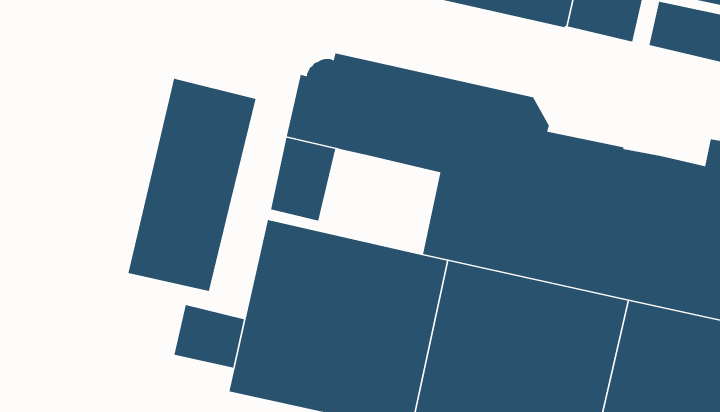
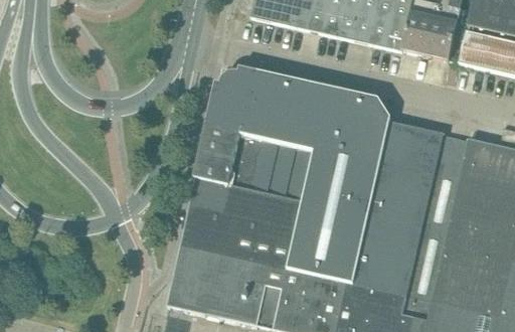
building: [127,78,256,292] -> none
building: none -> [192,134,313,208]
building: [173,304,245,368] -> none

